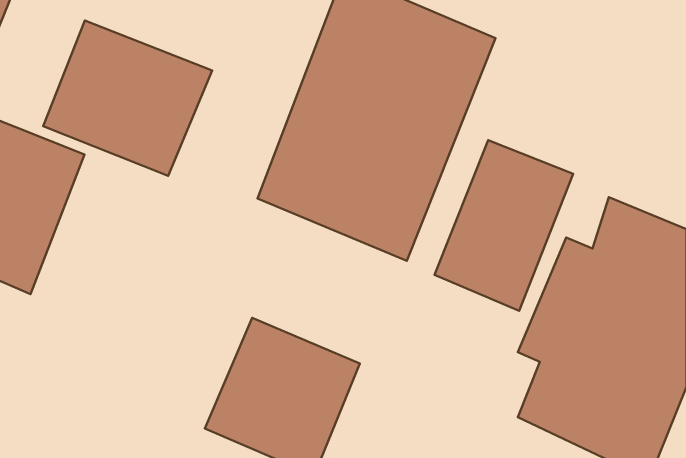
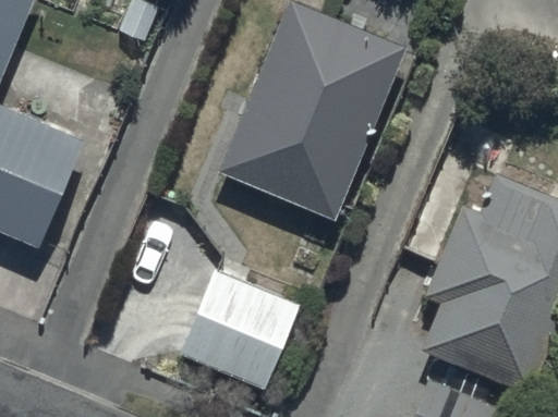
building: [43,20,212,176] -> none
building: [435,140,573,311] -> none

